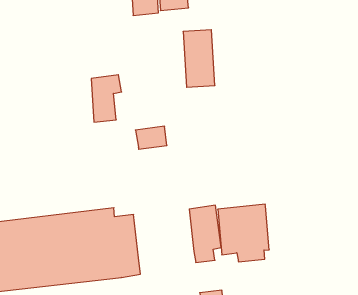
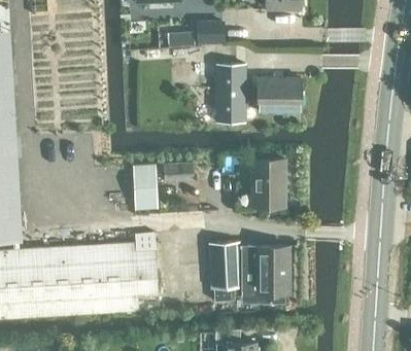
building: none -> [259,81,303,114]
building: [91,75,122,122] -> [135,164,165,210]
building: none -> [253,162,286,208]

